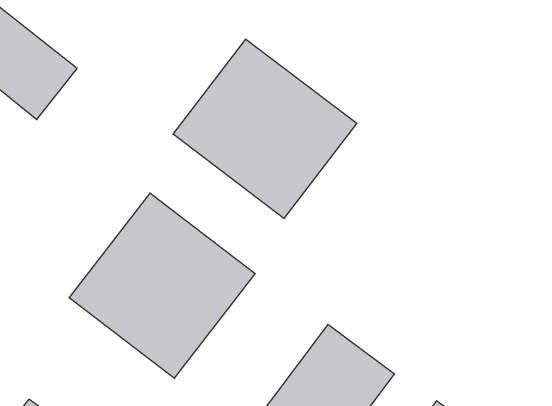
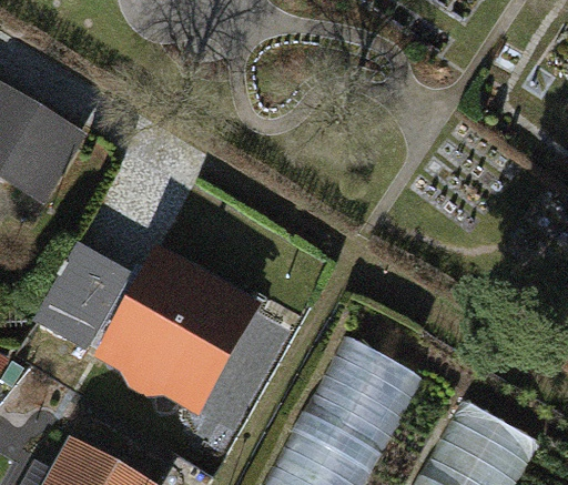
building: [173,39,357,218] -> none
building: none -> [40,242,139,346]

